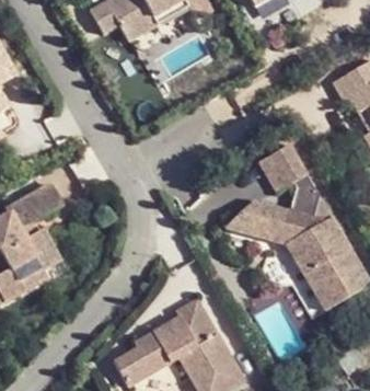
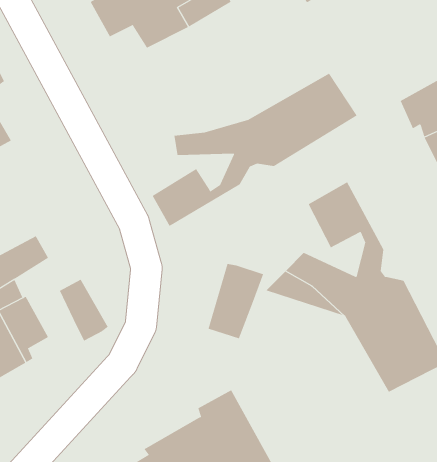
building: none -> [152,73,357,227]
building: none -> [208,263,264,339]
building: none -> [59,279,109,342]

